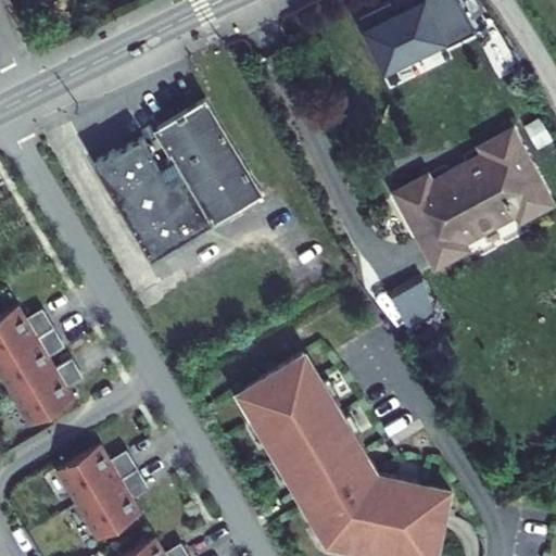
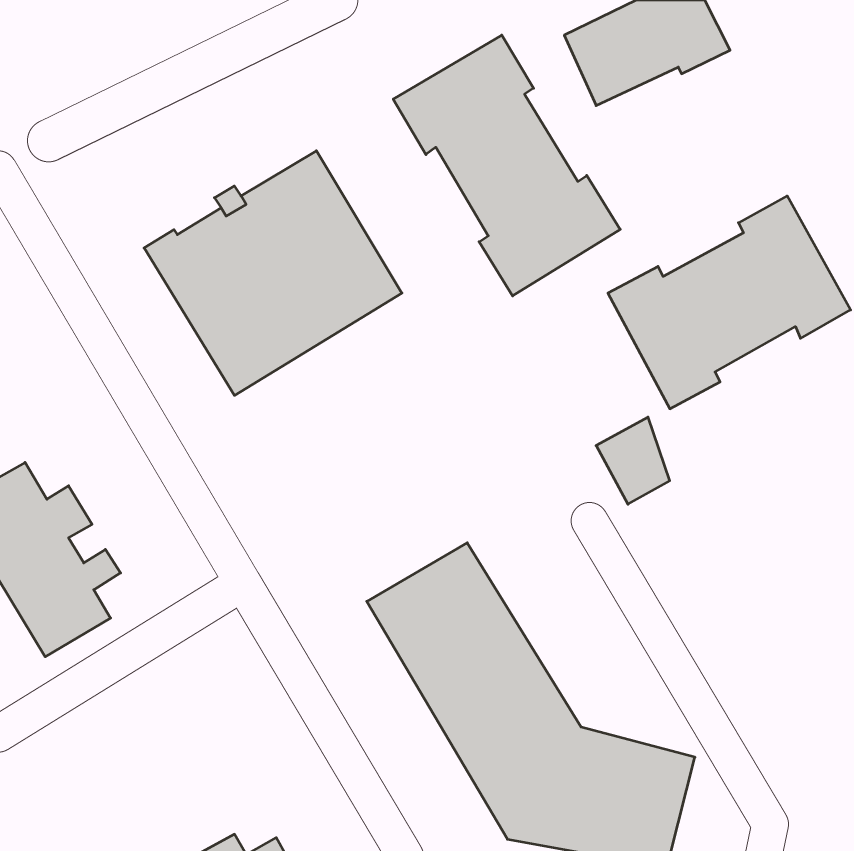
building: none -> [393,35,620,296]
building: [61,454,148,541] -> none

